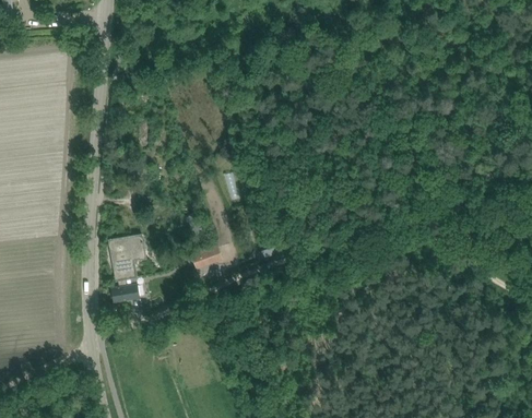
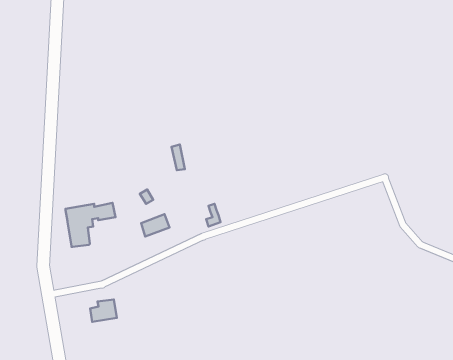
building: [109,278,138,302] -> [90,299,117,322]

